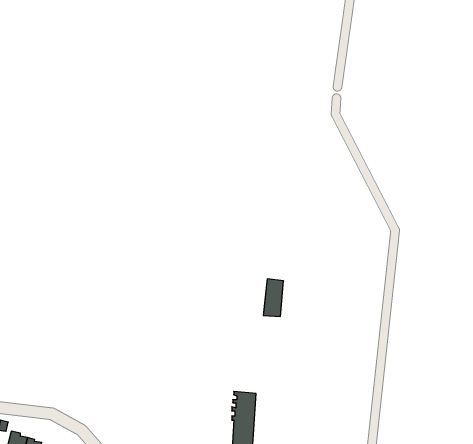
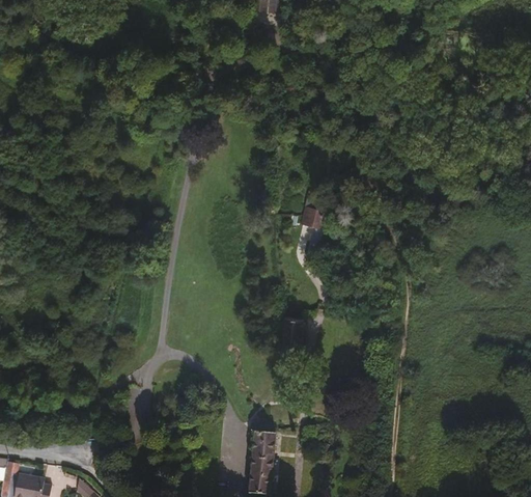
building: none -> [300,205,327,229]

